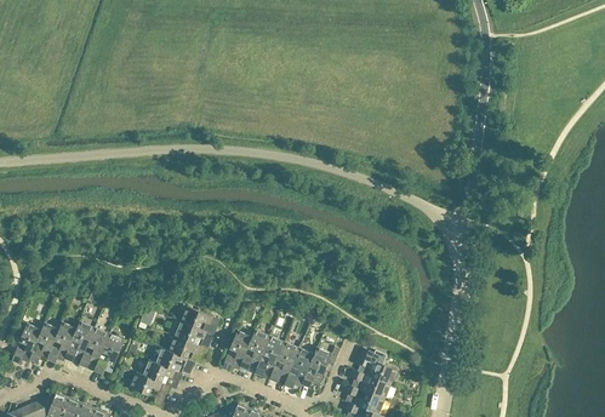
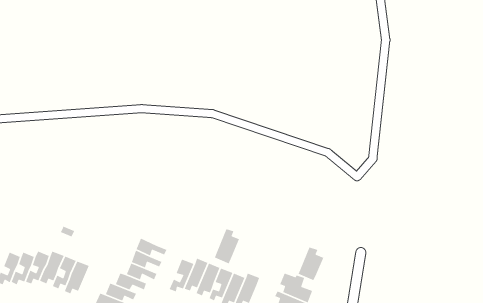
building: none -> [214,226,240,264]
building: none -> [297,244,324,281]

